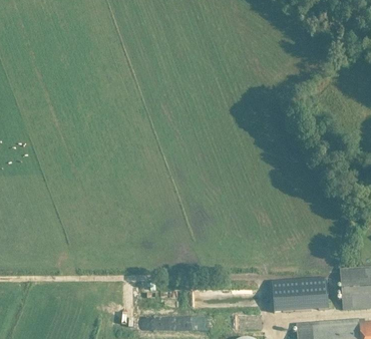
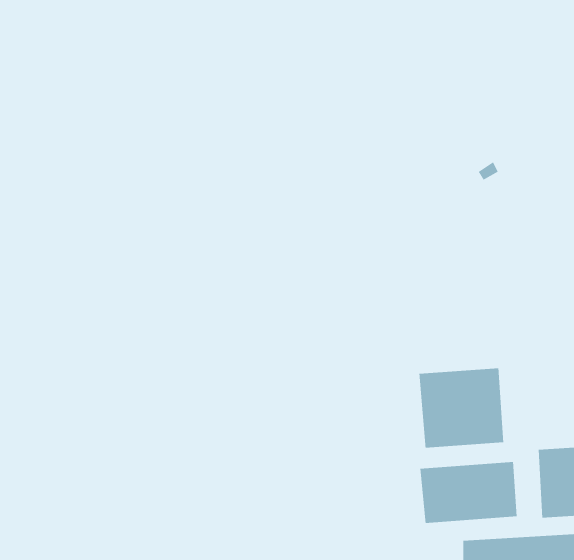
building: none -> [419,367,504,449]

